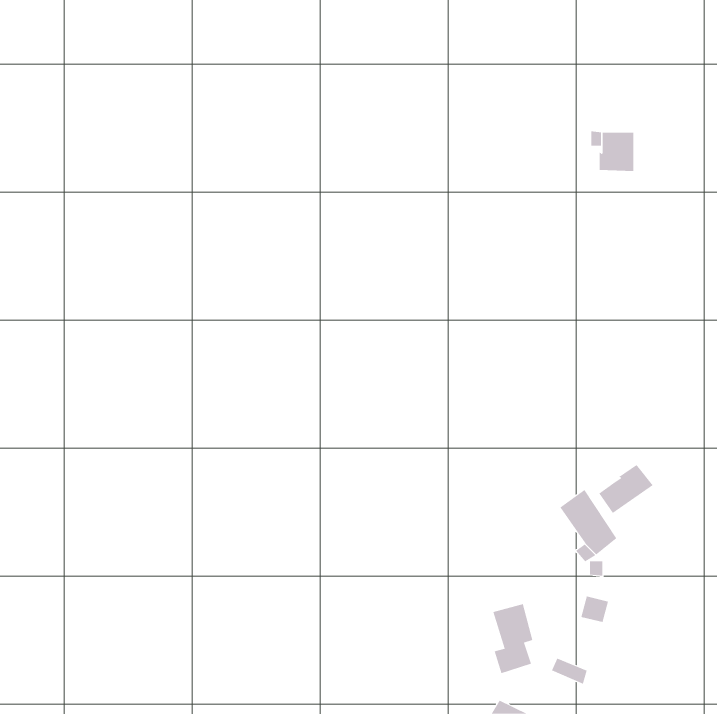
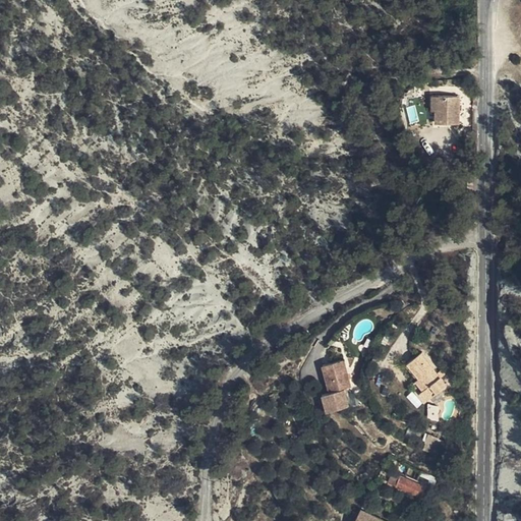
building: [598,464,654,514] -> none
building: [492,604,533,674] -> [320,362,349,413]

